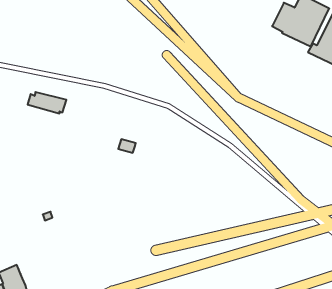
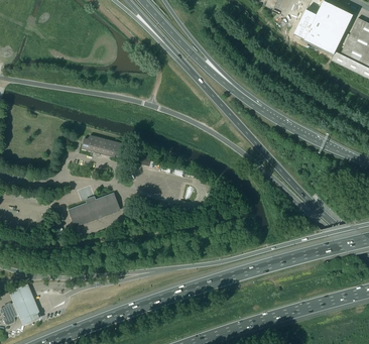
building: [28,92,66,113] -> [82,135,122,157]
building: none -> [68,192,120,227]

